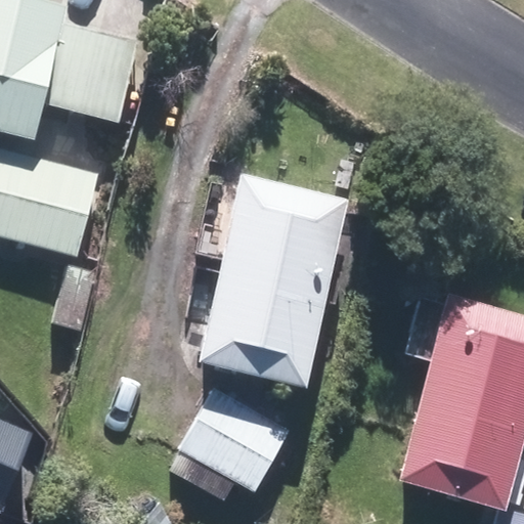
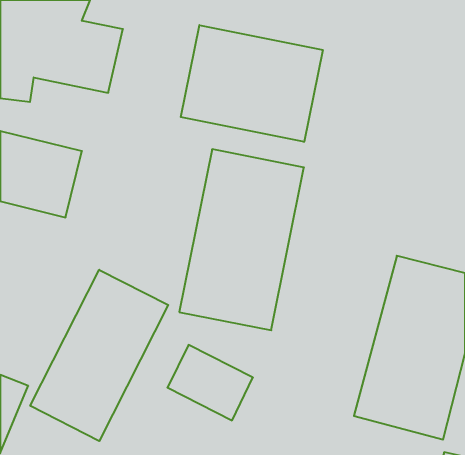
building: none -> [181,25,323,142]
building: none -> [30,270,168,441]

